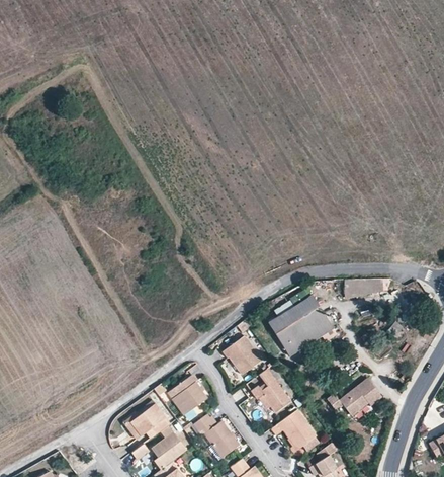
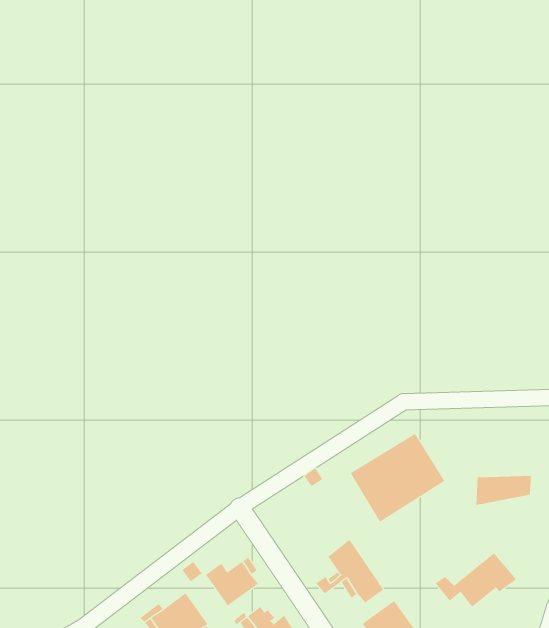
building: [344,280,382,300] -> [475,476,532,505]
building: [221,335,262,375] -> none

